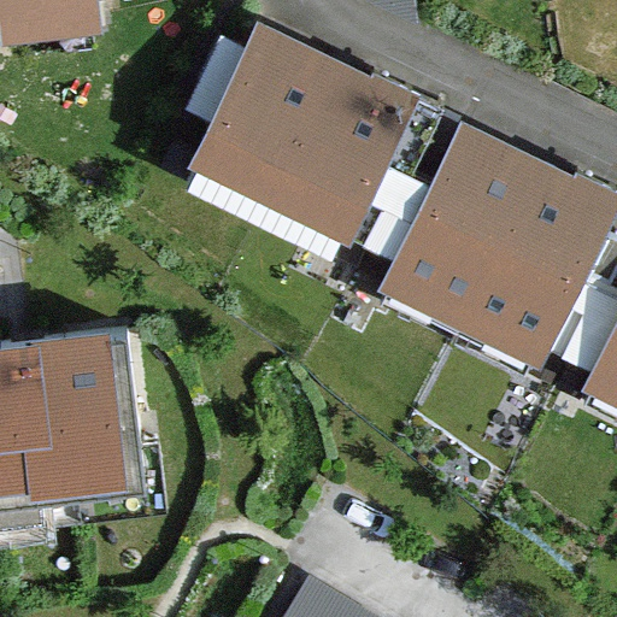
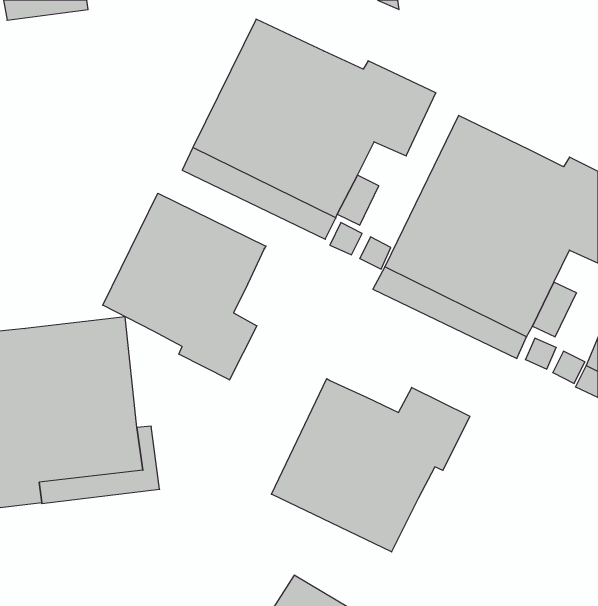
building: none -> [103,193,266,380]
building: none -> [271,379,470,552]

